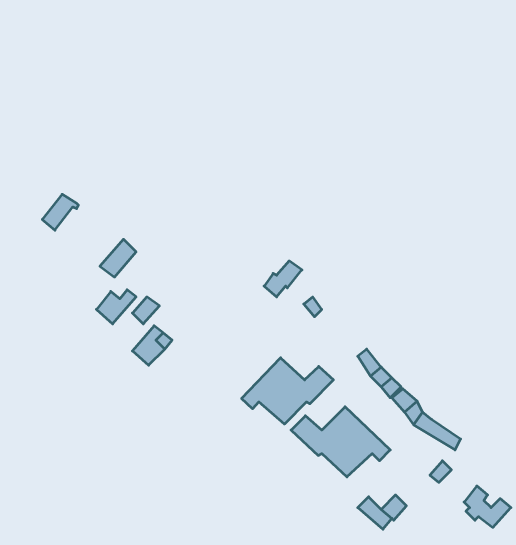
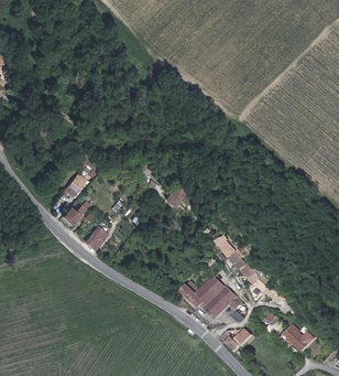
building: [242,358,333,424] -> none

